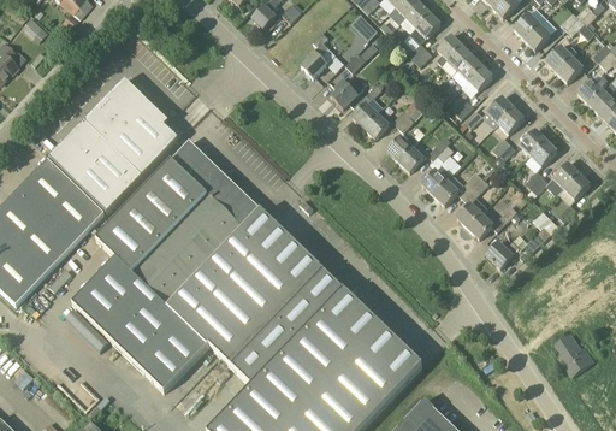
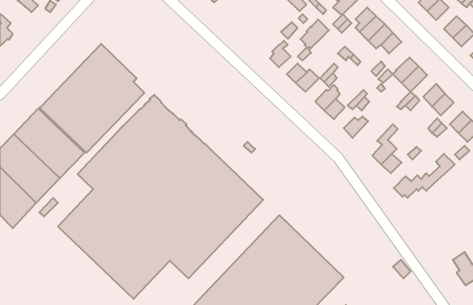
building: [301,41,336,77] -> [300,19,329,49]
building: [433,171,482,205] -> none
building: [232,270,343,385] -> none

